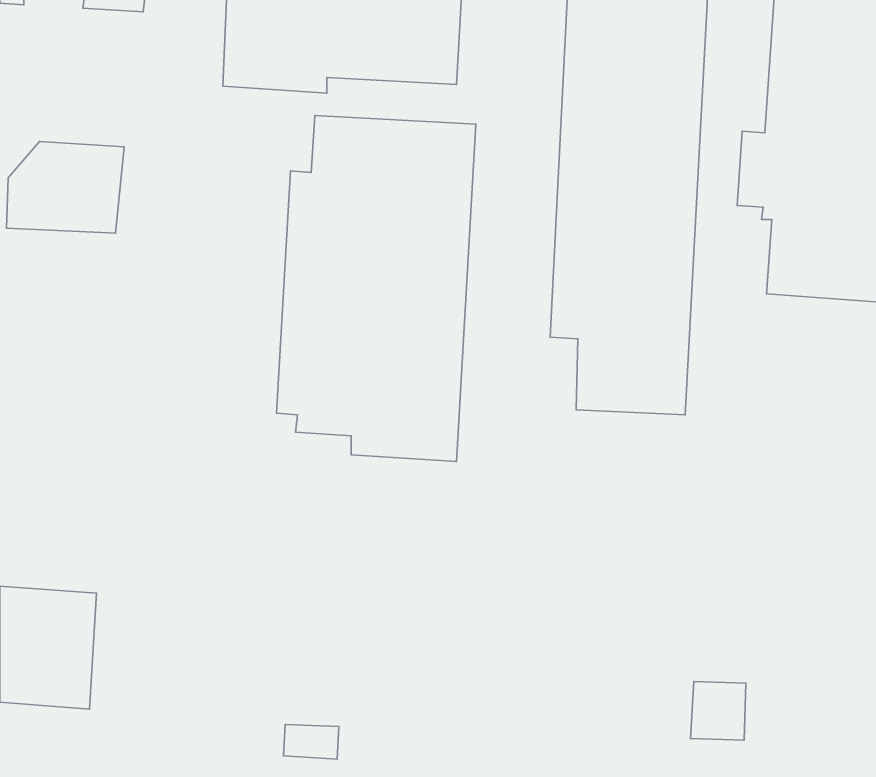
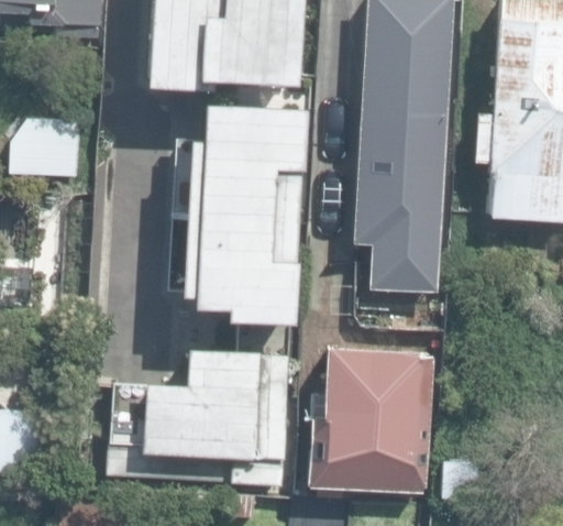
building: none -> [301,343,424,490]
building: none -> [112,351,296,486]

